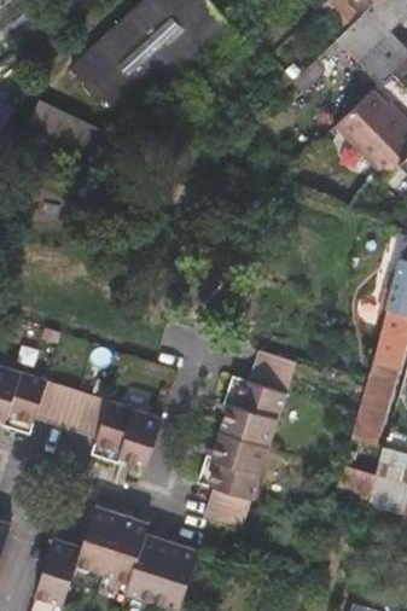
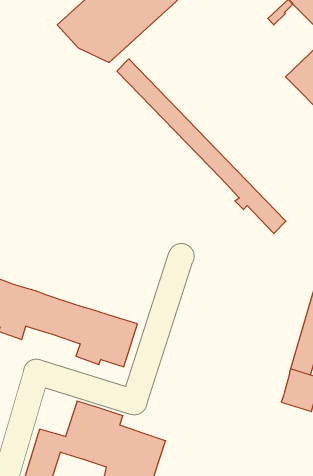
building: [25,101,112,169] -> none
building: none -> [117,59,286,234]
building: [198,349,297,530] -> none

